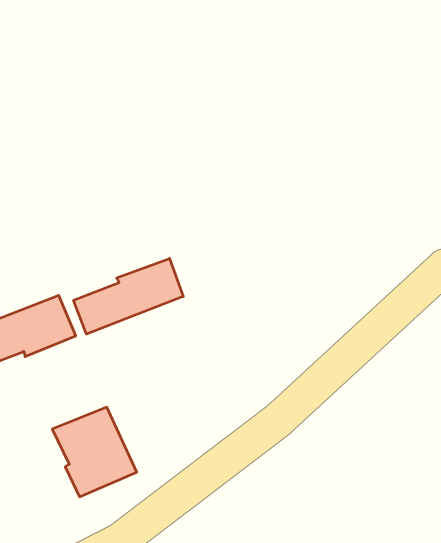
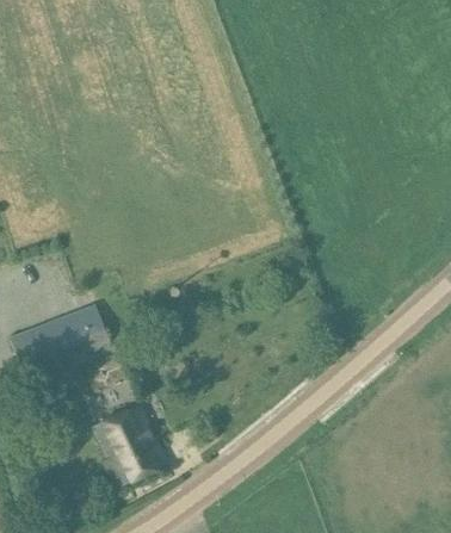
building: [74,258,183,334] -> none

